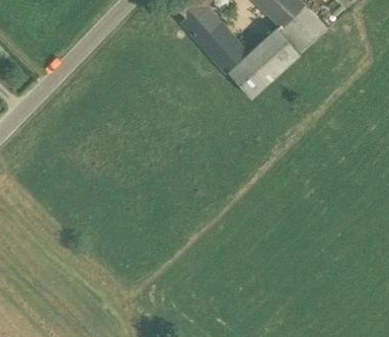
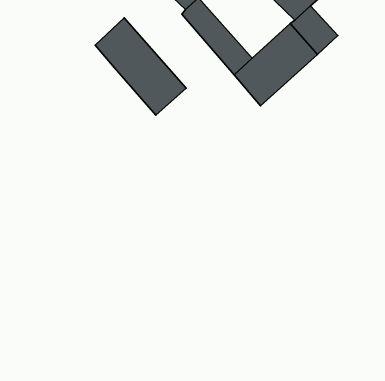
building: none -> [95,18,186,115]

